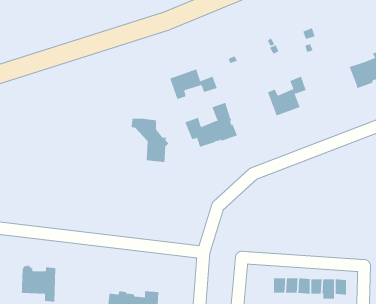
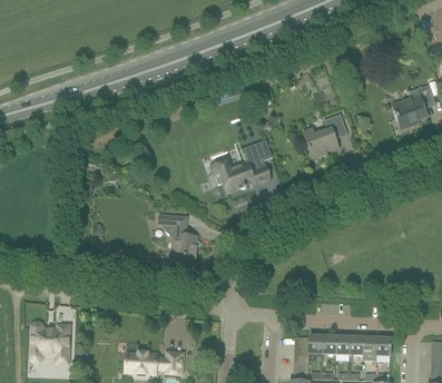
building: [169,69,217,100] -> none
building: [131,118,169,163] -> [157,214,199,263]

